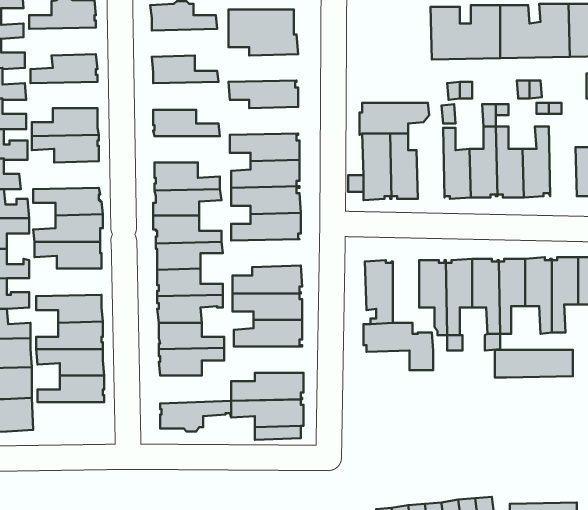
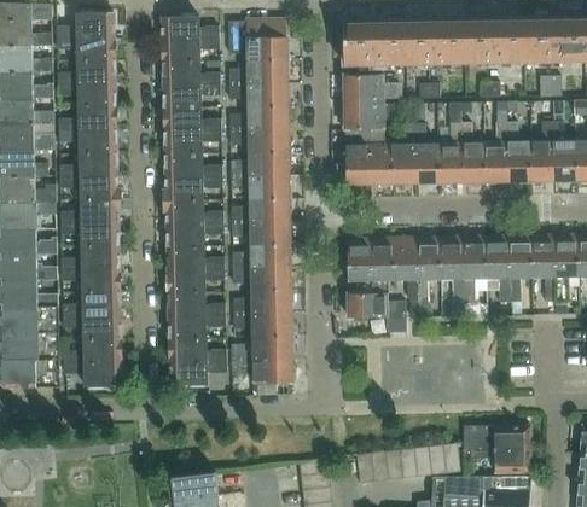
building: none -> [344,18,406,65]
building: none -> [57,36,115,60]
building: none -> [163,37,220,62]
building: none -> [229,59,290,83]
building: none -> [343,74,402,101]
building: none -> [58,83,116,106]
building: none -> [164,83,221,107]
building: none -> [231,105,291,129]
building: none -> [507,121,531,182]
building: none -> [393,123,417,185]
building: none -> [165,130,222,153]
building: none -> [60,152,117,176]
building: none -> [232,220,292,244]
building: none -> [372,238,395,292]
building: none -> [63,245,120,269]
building: none -> [234,313,295,336]
building: [495,350,573,378] -> [464,425,531,449]
building: none -> [170,338,232,362]
building: none -> [64,361,122,389]

